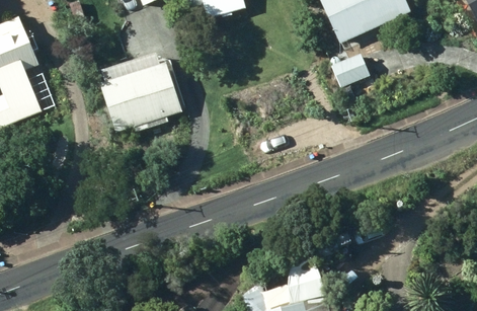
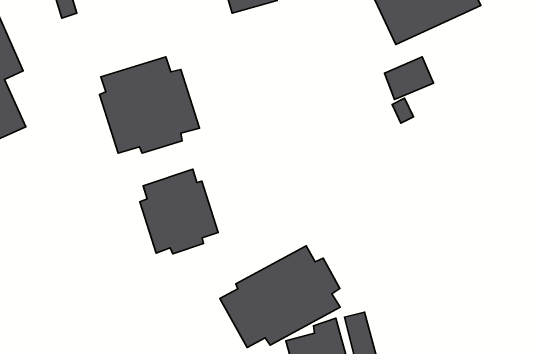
building: none -> [140,169,218,254]
building: none -> [220,246,340,348]

